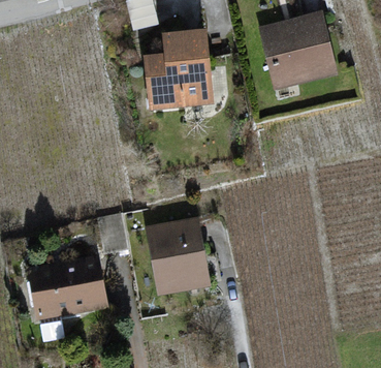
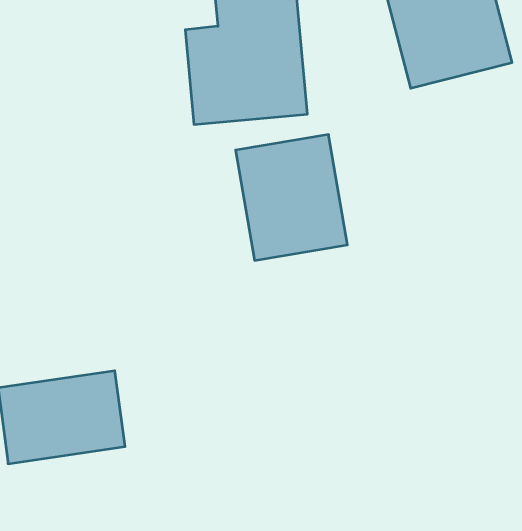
building: [144,218,211,294] -> [236,135,347,260]

